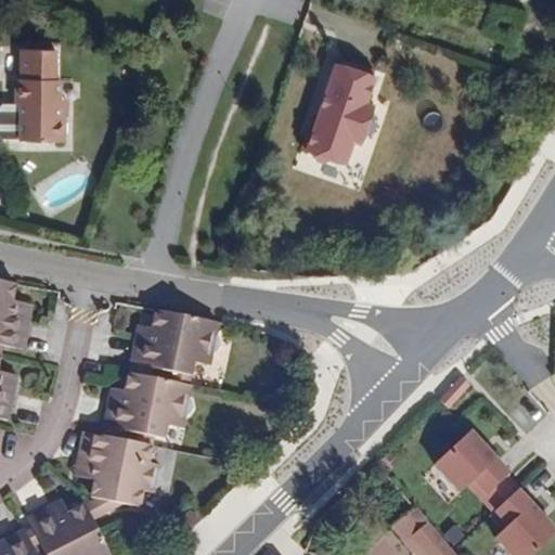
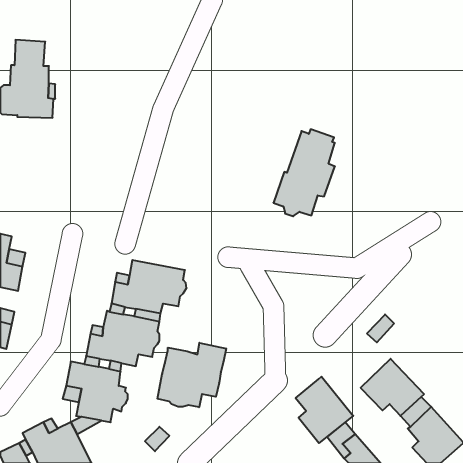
building: [301,60,375,164] -> [273,129,335,216]
building: none -> [157,343,226,407]
building: none -> [296,377,353,443]

